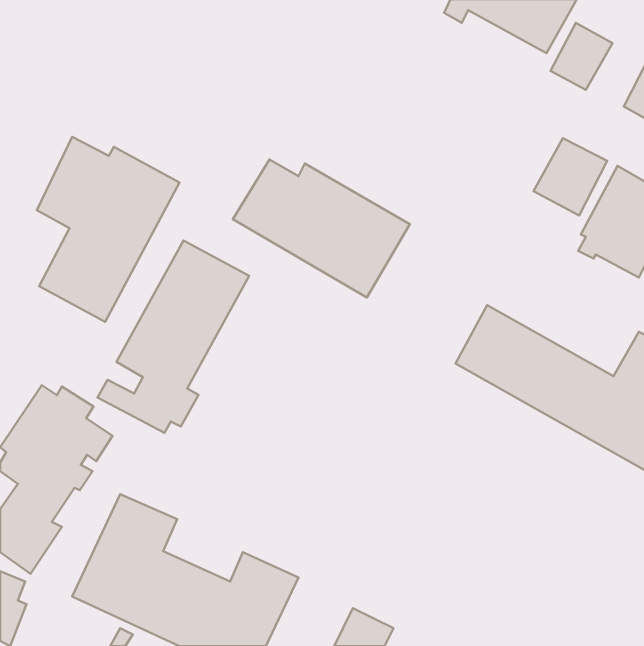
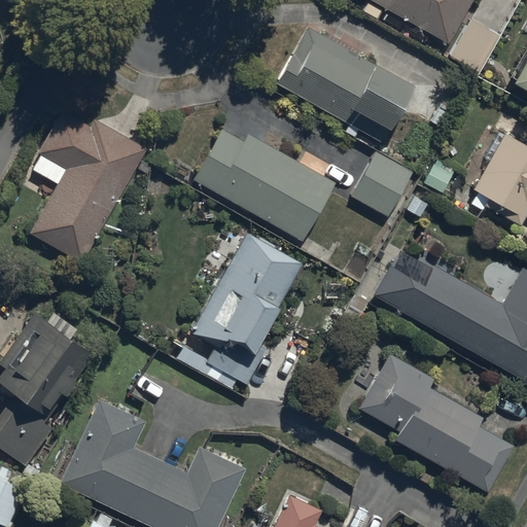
building: none -> [275,28,412,141]
building: [534,138,607,215] -> [352,152,412,215]
building: [97,240,249,433] -> [177,234,301,390]
building: none -> [359,354,515,493]

